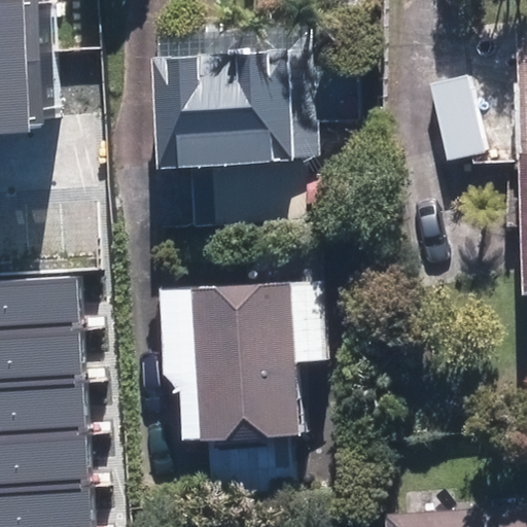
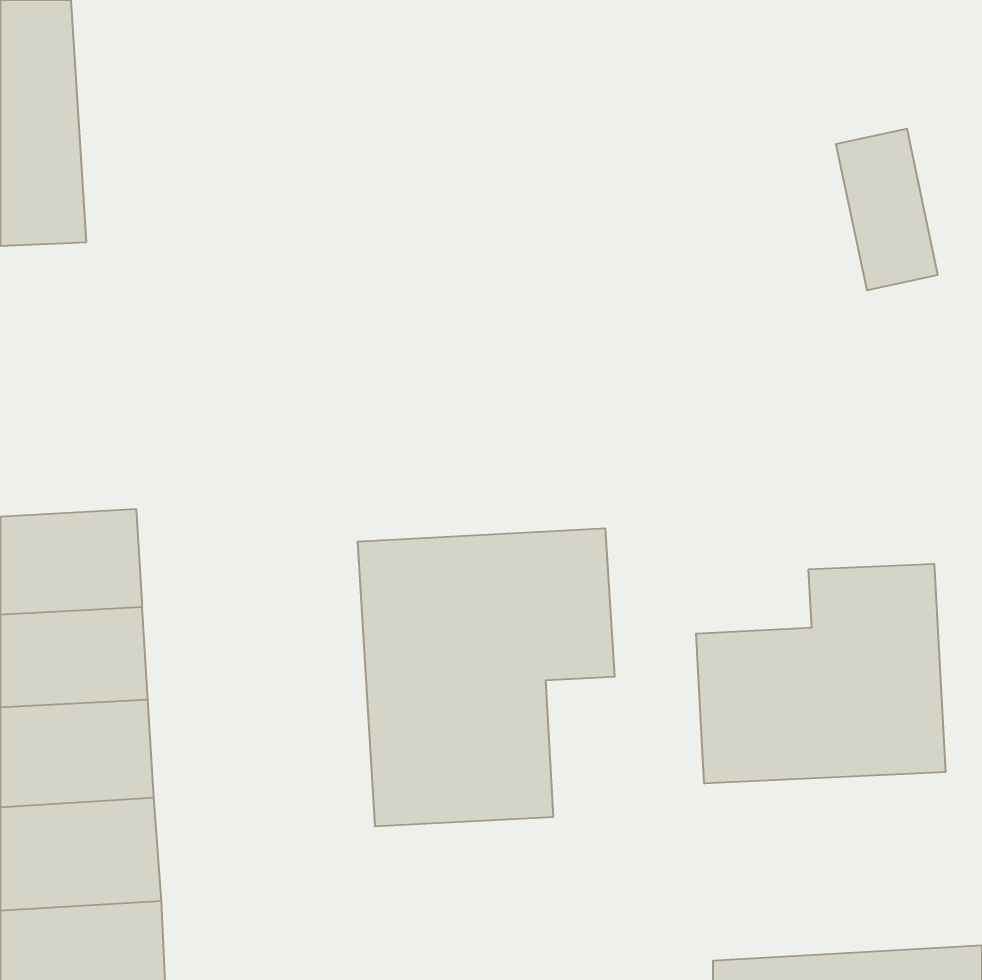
building: [153,46,317,169] -> none
building: none -> [696,564,945,784]

